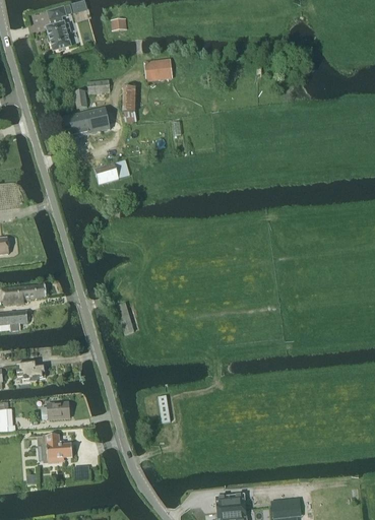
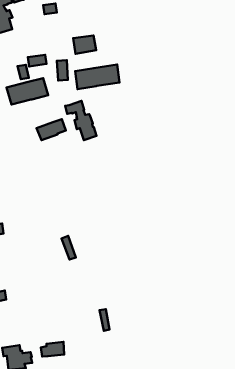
building: none -> [75,65,119,89]
building: none -> [65,101,96,140]
building: [41,402,69,418] -> [41,342,64,356]

